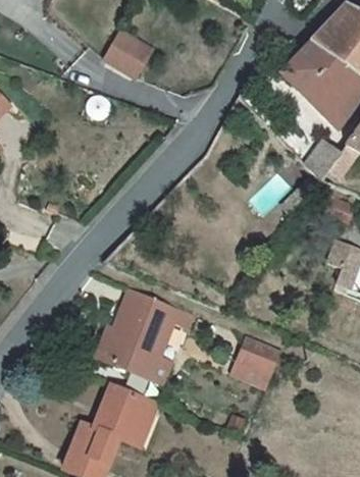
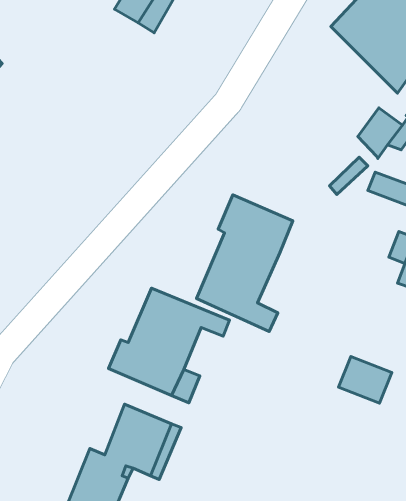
building: none -> [196,195,293,332]
building: [238,334,281,373] -> [339,356,392,403]

